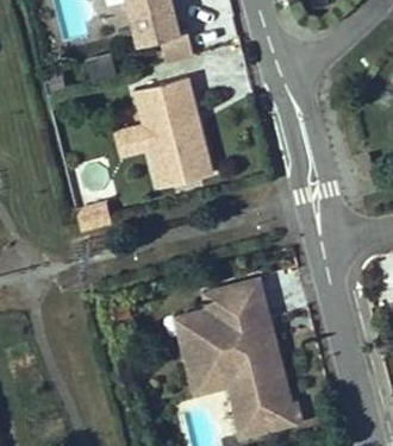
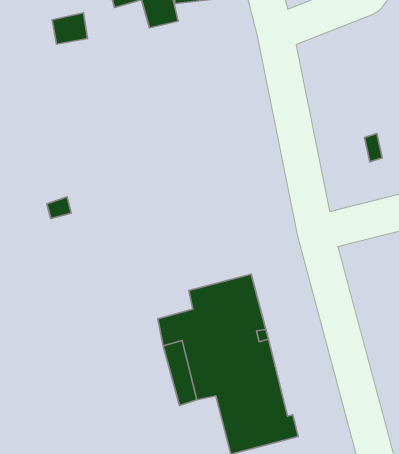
building: [135,76,212,187] -> none

